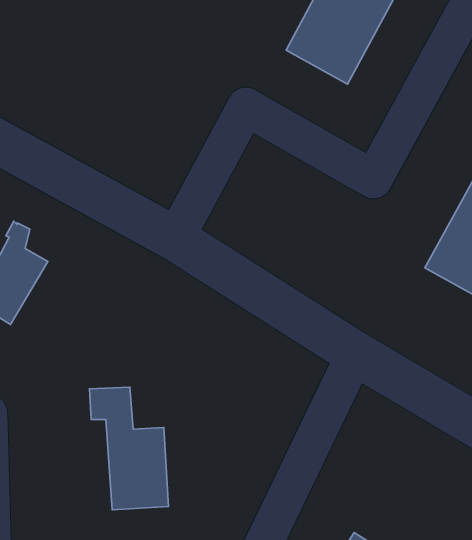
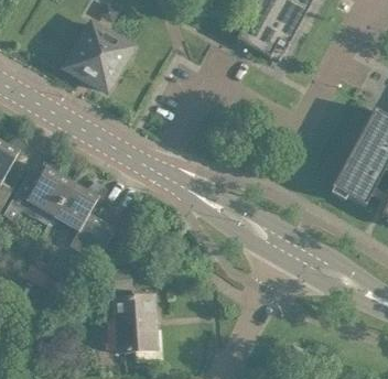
building: none -> [65,24,130,91]
building: none -> [53,181,114,252]

